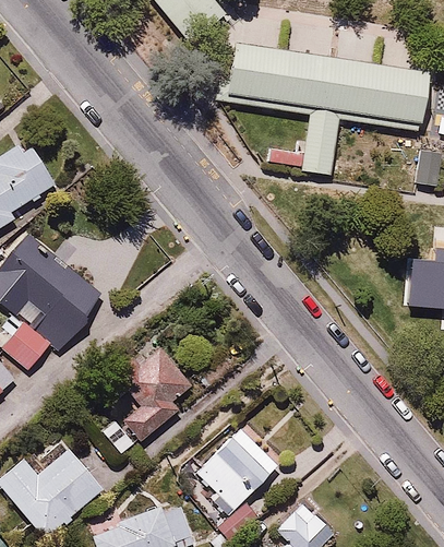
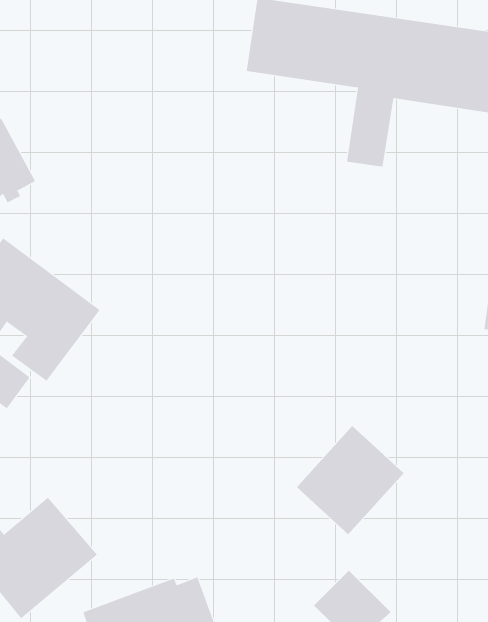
building: [110,336,192,441] -> none
building: [194,426,280,513] -> [296,425,404,535]

